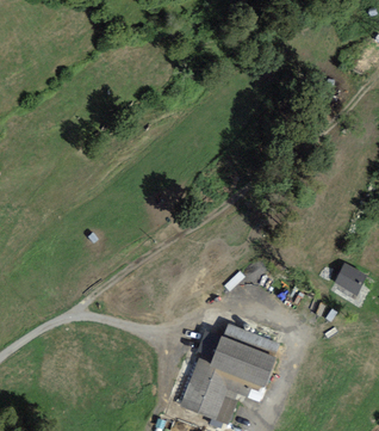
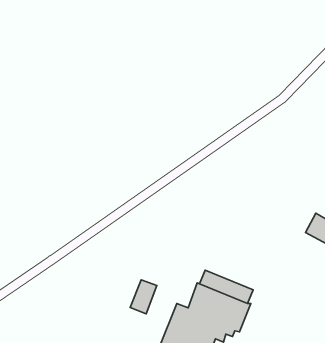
building: none -> [130,280,157,314]

